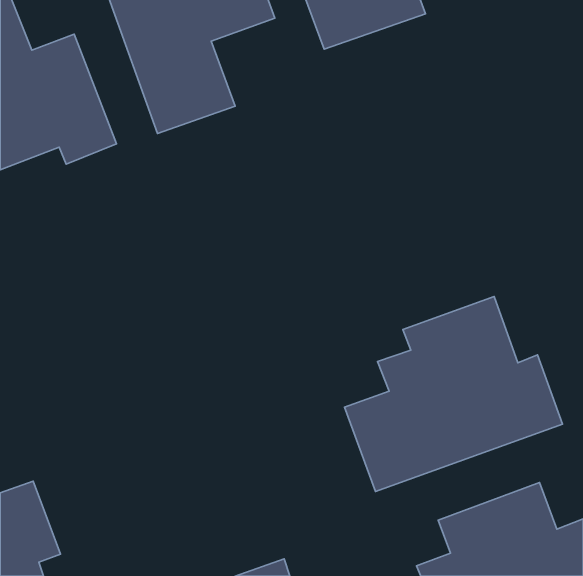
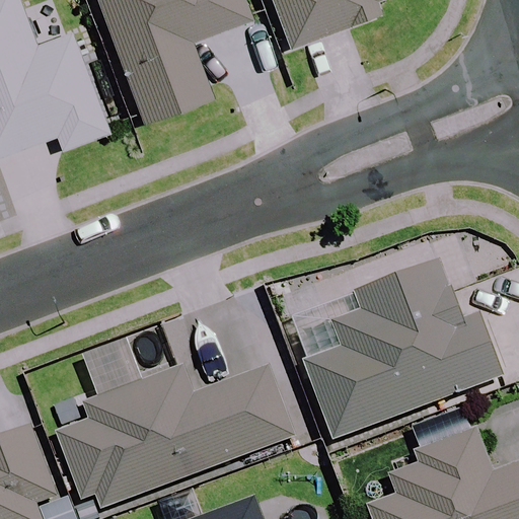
building: none -> [63,366,293,501]

